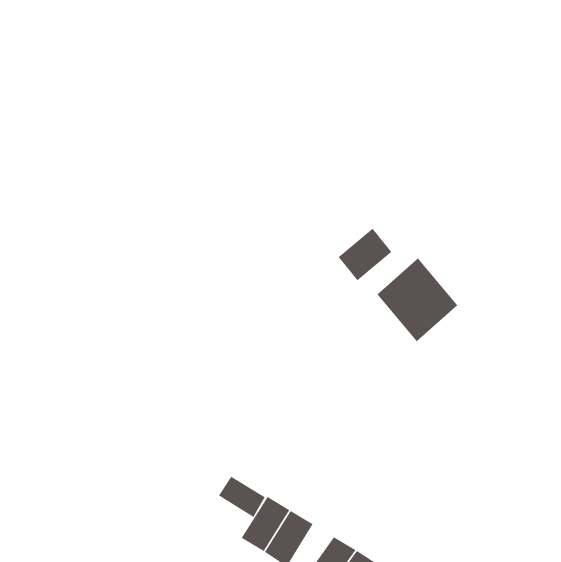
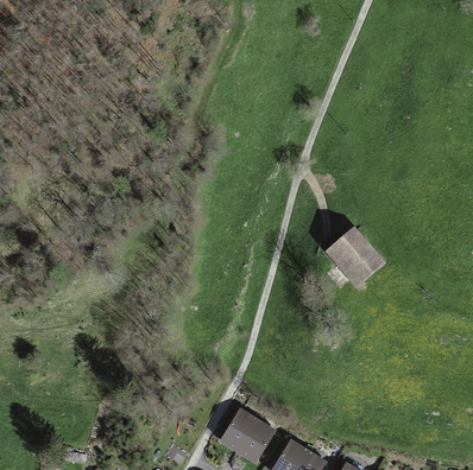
building: [338,228,392,281] -> none
building: [218,476,266,518] -> none

